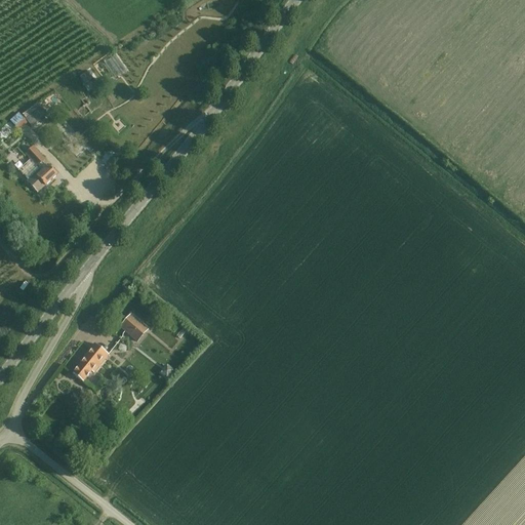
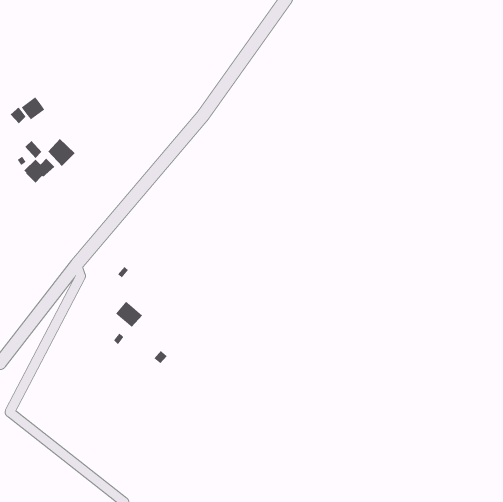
building: none -> [47,138,75,167]
building: [73,342,109,380] -> none

